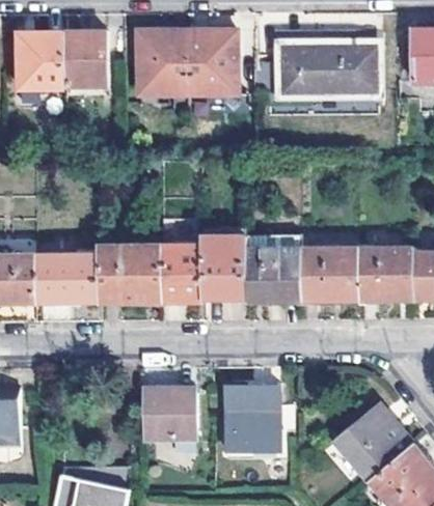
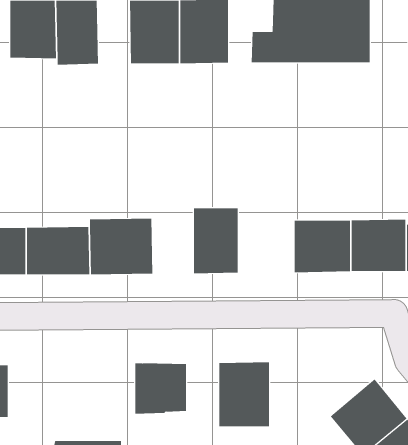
building: [160,246,200,301] -> none
building: [245,248,300,300] -> none

